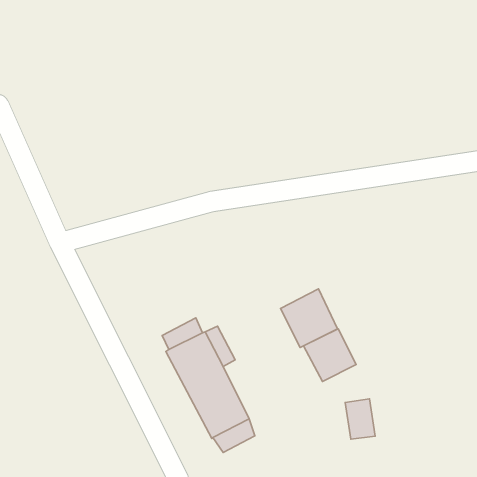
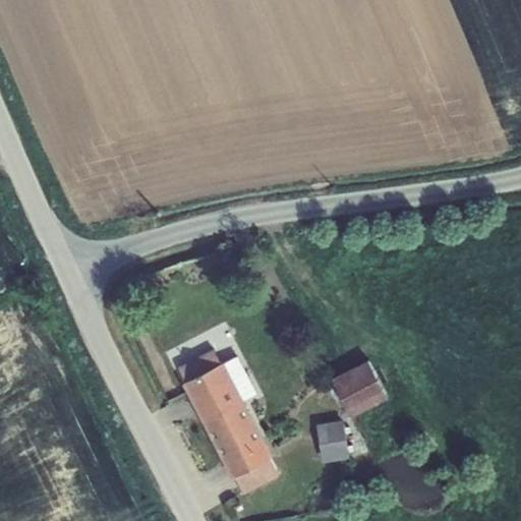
building: [281,289,337,348] -> none
building: [345,399,375,439] -> [315,418,348,462]

